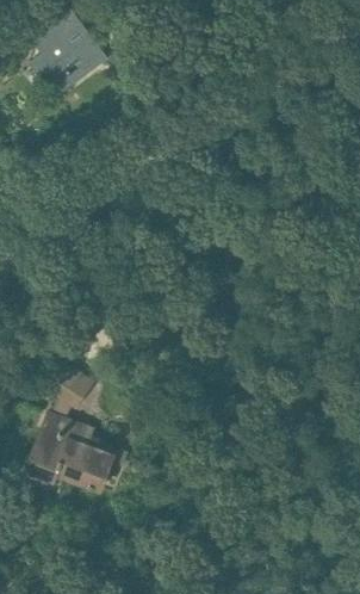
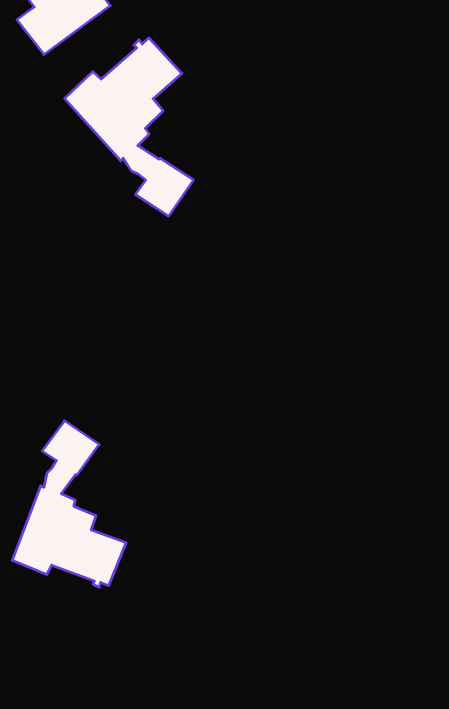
building: none -> [65,38,193,216]

